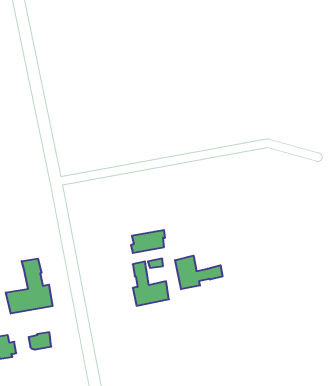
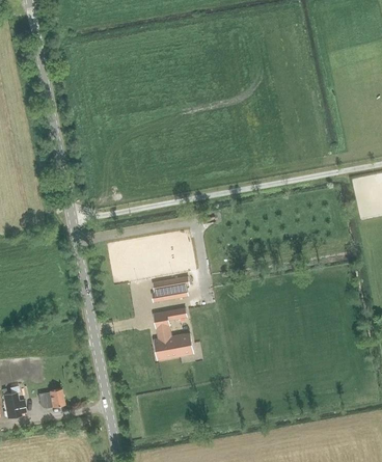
building: [175,256,223,289] -> none
building: [6,259,53,314] -> none

